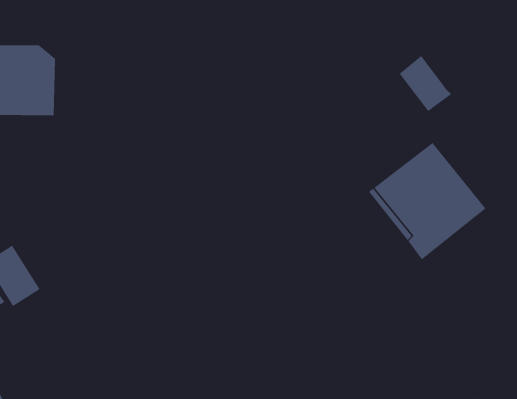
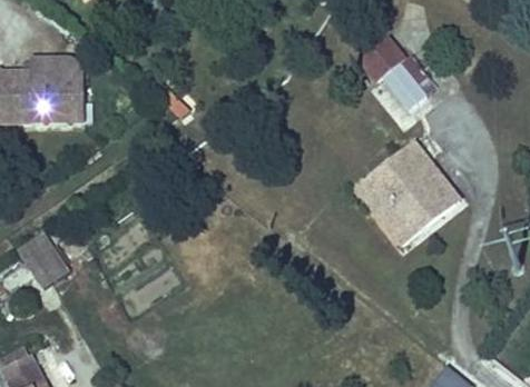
building: none -> [364,39,438,97]

